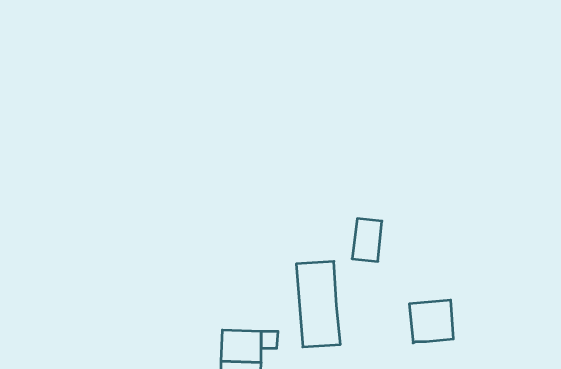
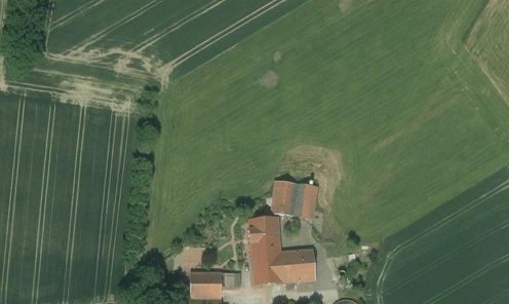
building: none -> [271,180,297,215]
building: [409,300,453,343] -> [280,249,315,282]

